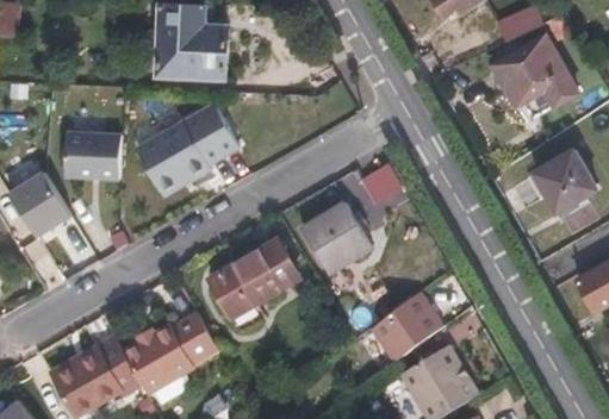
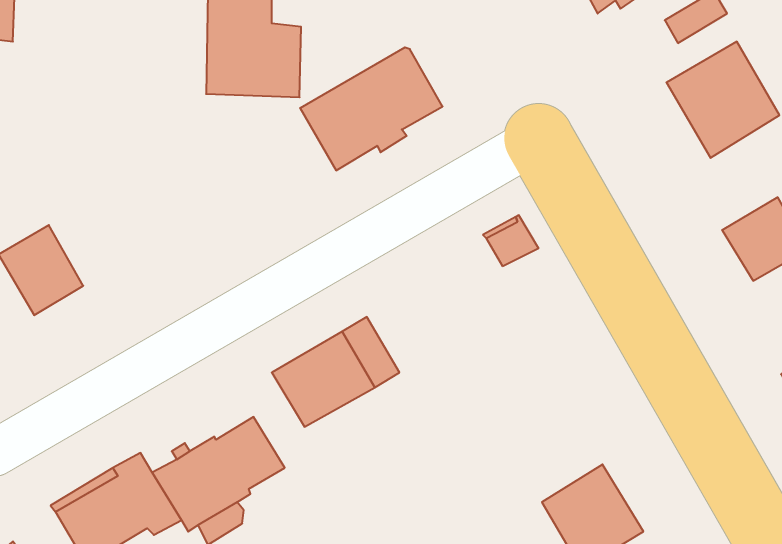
building: [137,101,241,190] -> [300,47,443,170]
building: [64,131,123,180] -> none
building: [300,201,373,275] -> none
building: [374,292,443,361] -> none

